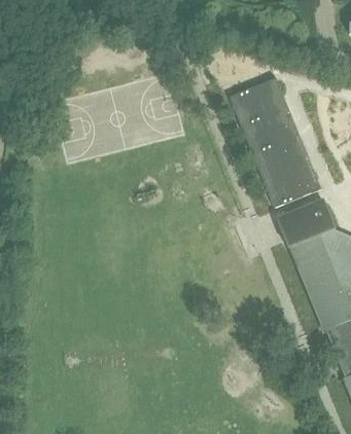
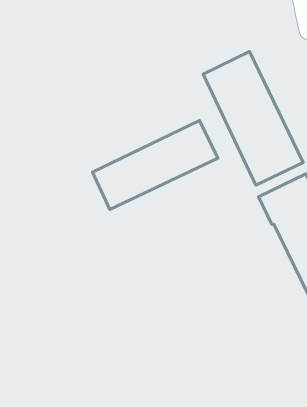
building: none -> [92,120,218,209]

